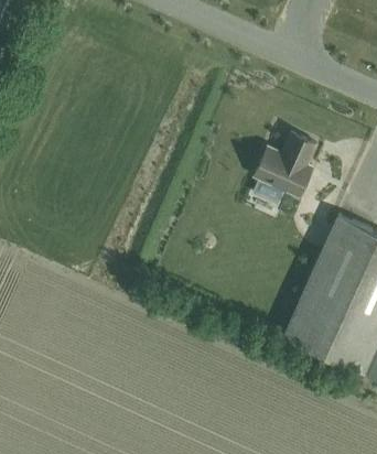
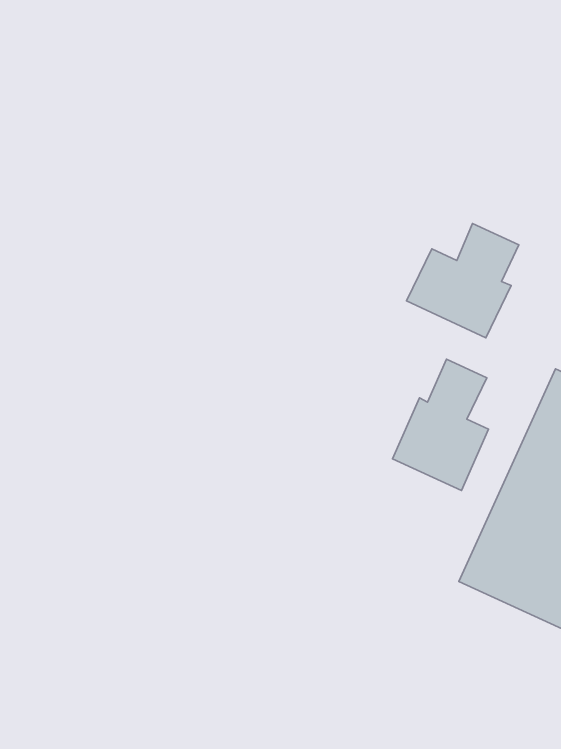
building: none -> [392,359,489,490]

